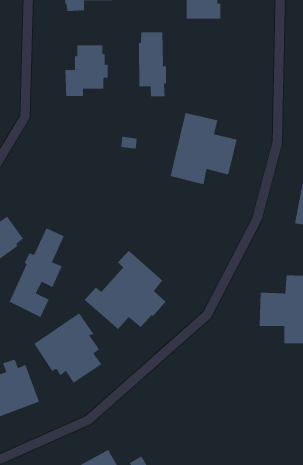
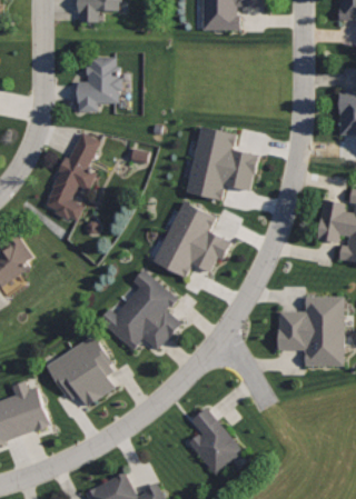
building: [139,32,166,97] -> none
building: none -> [152,200,230,276]
building: [9,228,65,318] -> [42,132,100,226]
building: none -> [187,407,244,476]

